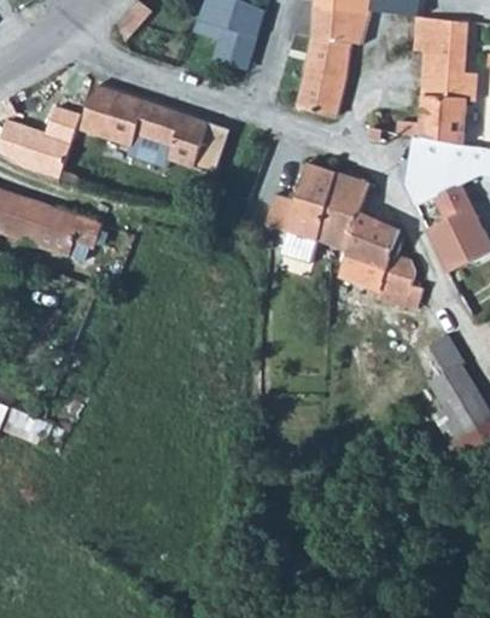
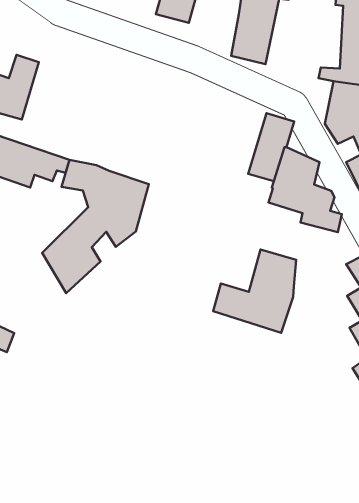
building: [76,82,226,175] -> none
building: [263,163,337,263] -> none
building: none -> [42,160,149,293]
building: none -> [213,249,296,333]

